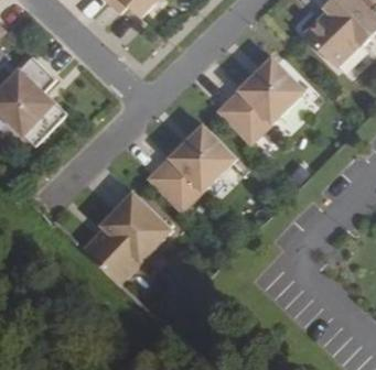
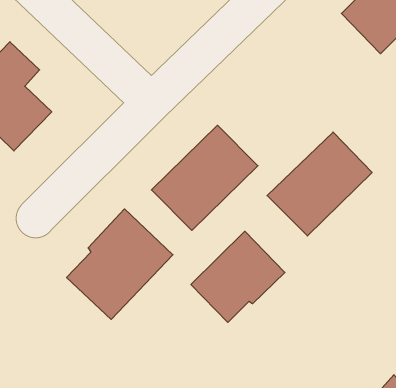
building: [219,56,305,141] -> [267,132,372,236]
building: none -> [191,231,285,322]

